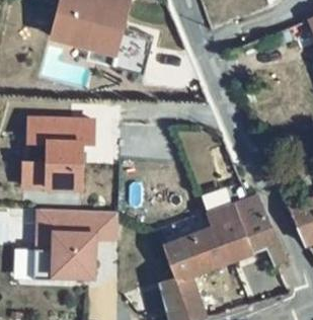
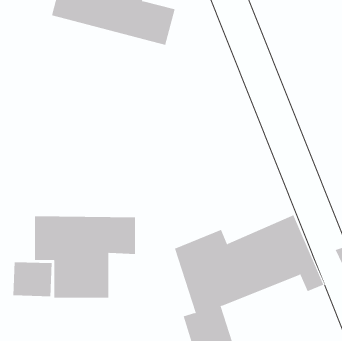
building: [22,104,99,179] -> none

